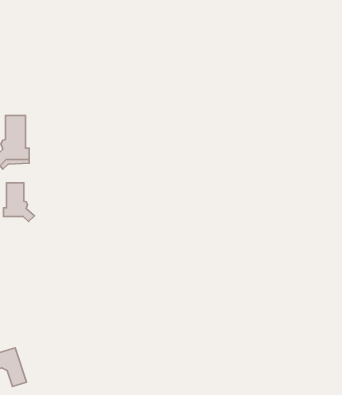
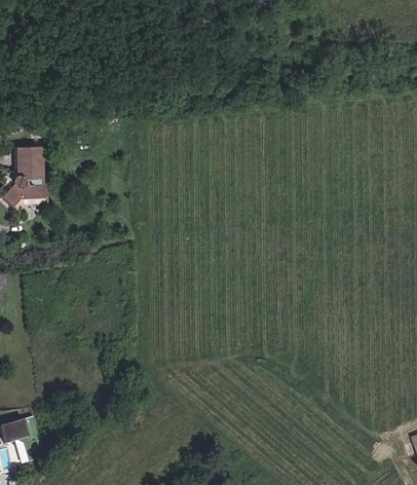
building: [4,183,34,221] -> none

